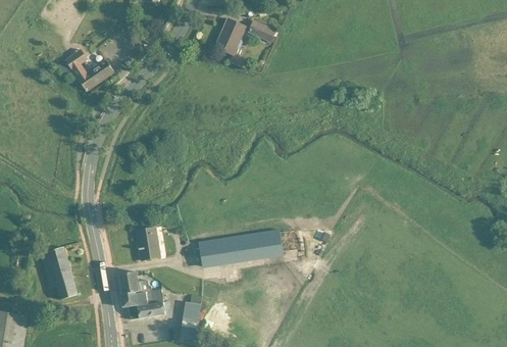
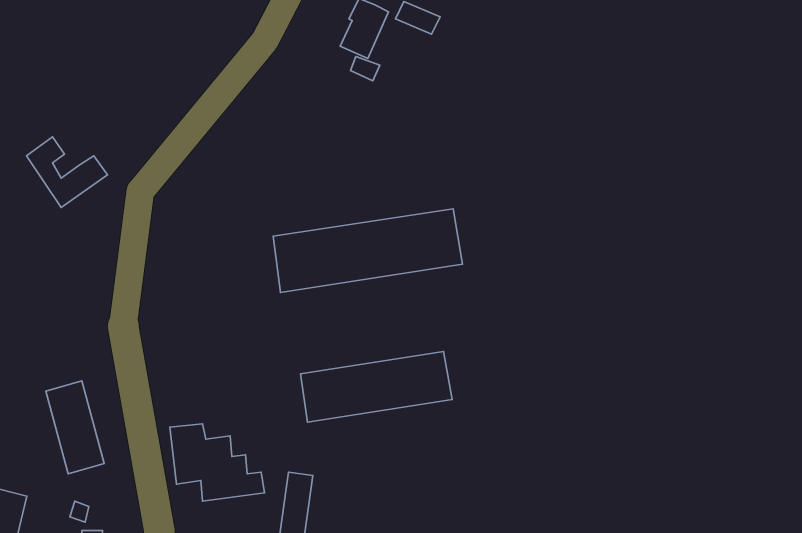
building: [66,49,114,91] -> [27,137,108,208]
building: none -> [273,209,462,292]
building: [135,227,160,260] -> none

